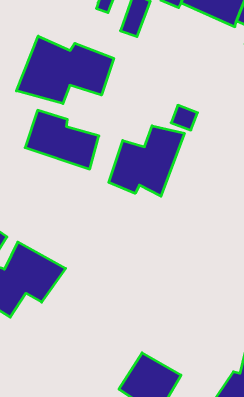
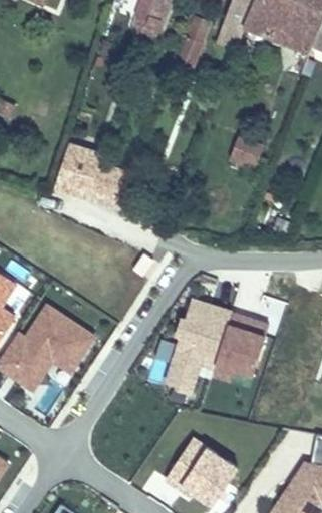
building: [16,36,114,104] -> none
building: [109,126,184,196] -> none
building: none -> [160,298,267,399]

